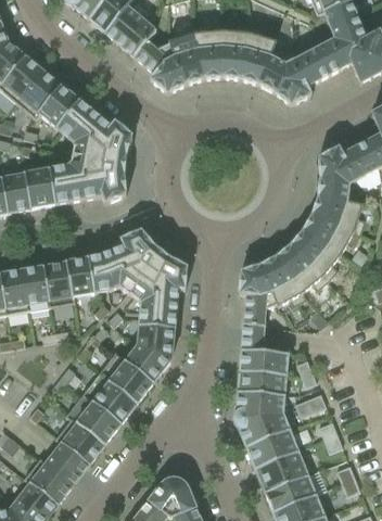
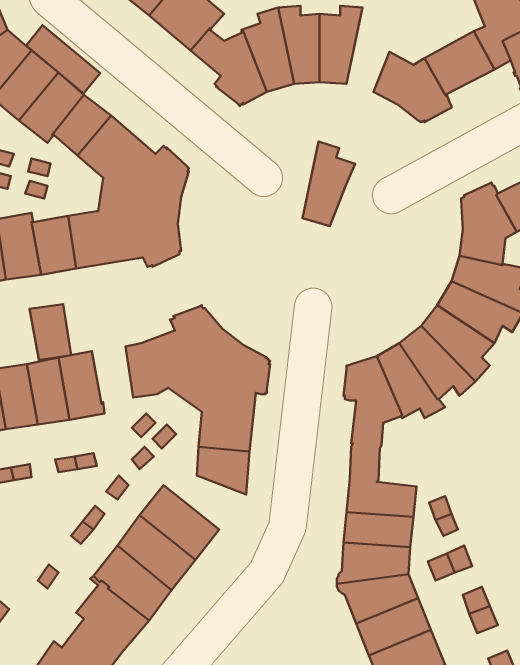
building: [240,25,276,82] -> [303,142,355,226]
building: none -> [26,25,100,93]
building: [66,256,94,295] -> [30,304,71,362]
building: [126,344,171,381] -> none

